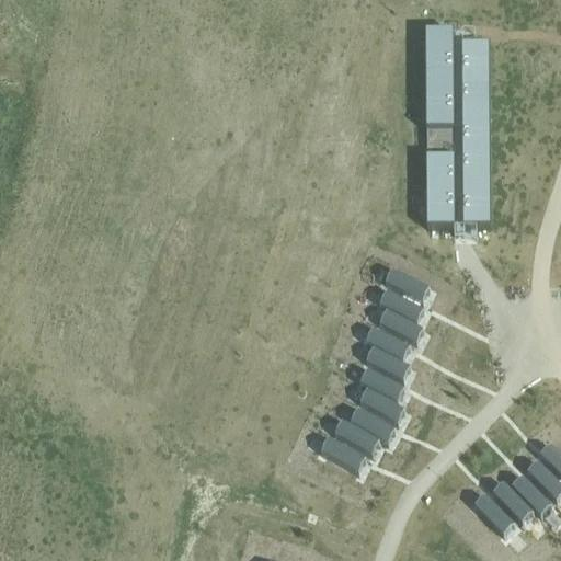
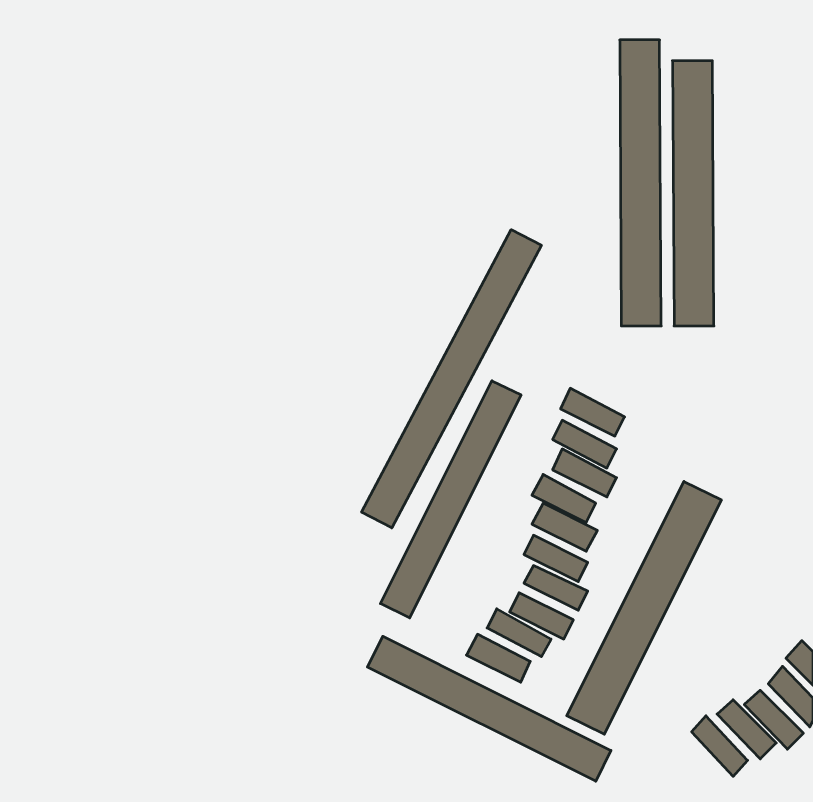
building: none -> [362,230,541,528]
building: none -> [380,381,521,618]
building: none -> [567,481,721,734]
building: none -> [367,636,611,781]

